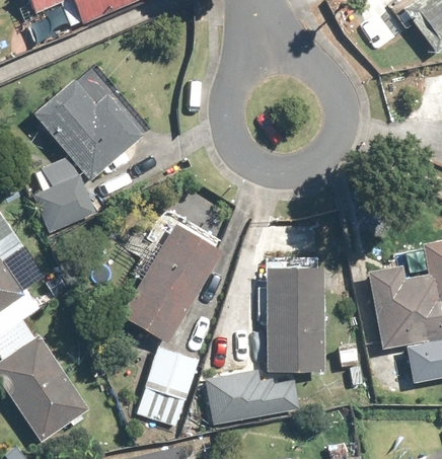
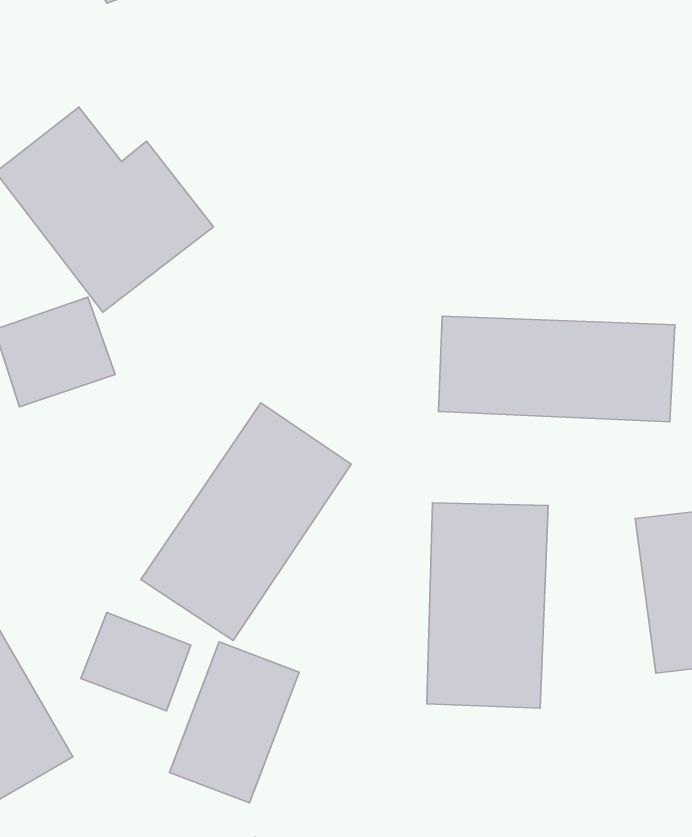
building: none -> [438,316,675,422]
building: none -> [81,613,191,711]
building: [212,367,305,419] -> none

